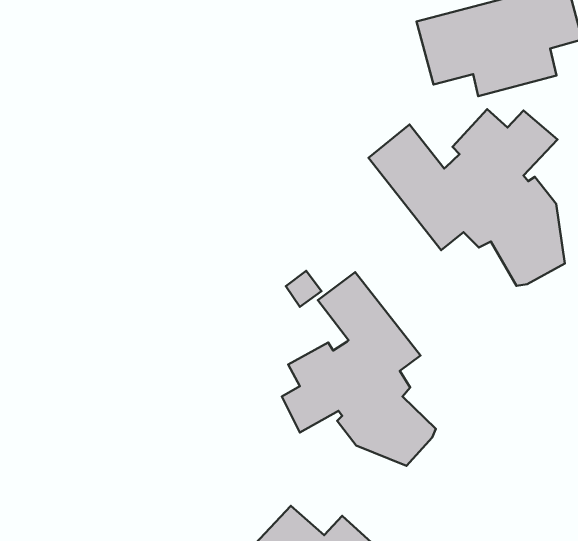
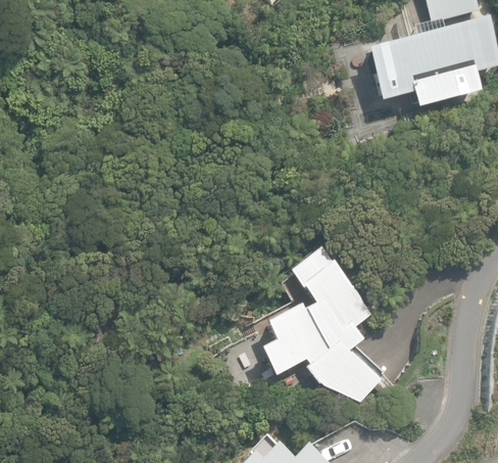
building: [369,109,565,286] -> none

